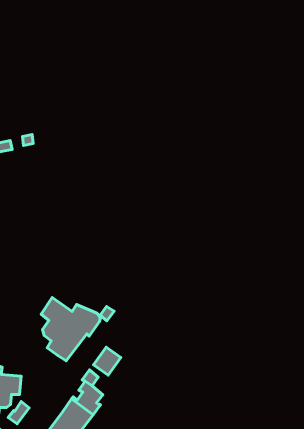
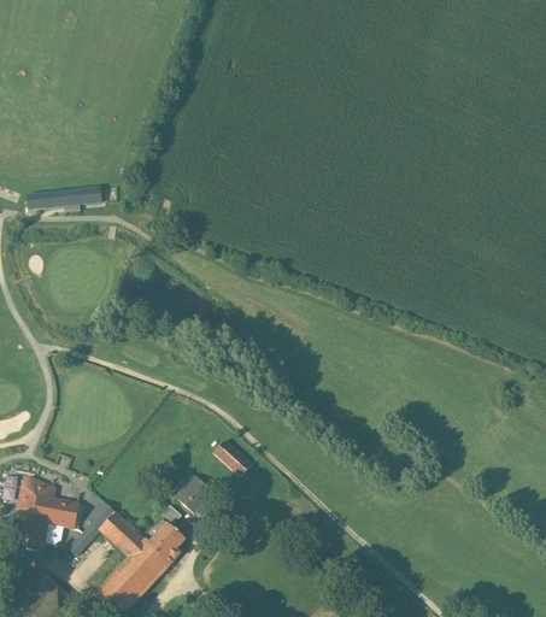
building: [41,297,100,361] -> none
building: none -> [213,439,253,477]
building: none -> [99,512,143,556]

